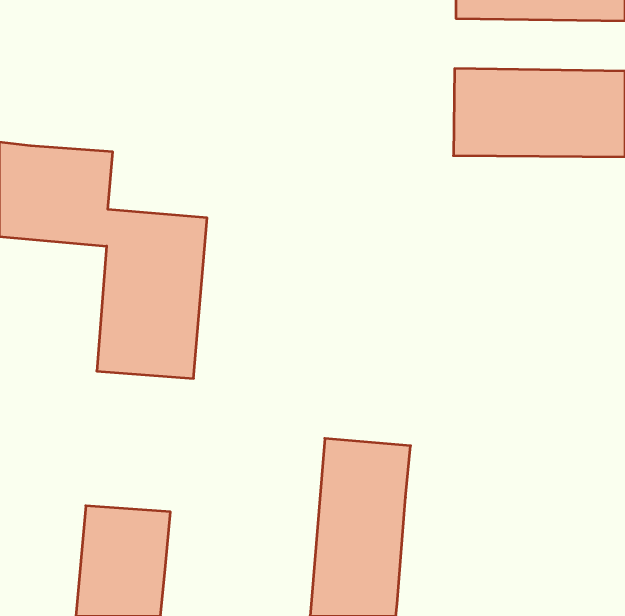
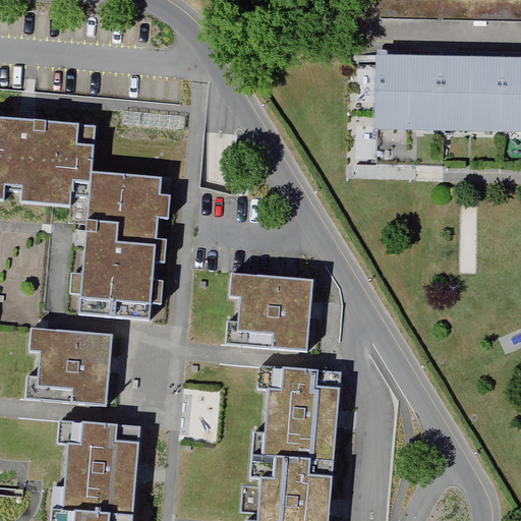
building: none -> [224,270,311,346]
building: none -> [25,327,110,403]

